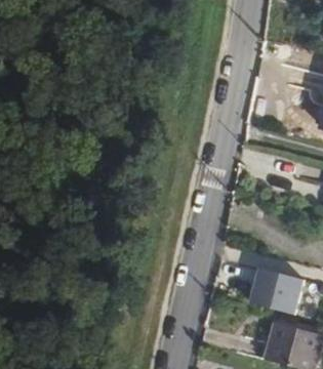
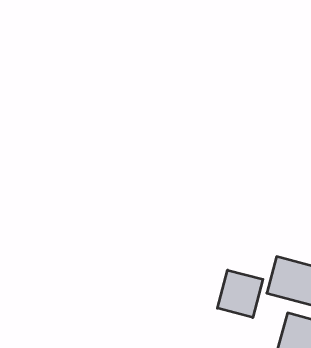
building: none -> [217,270,263,318]

